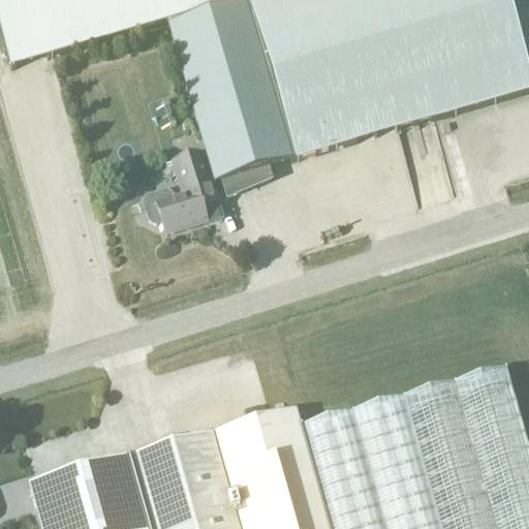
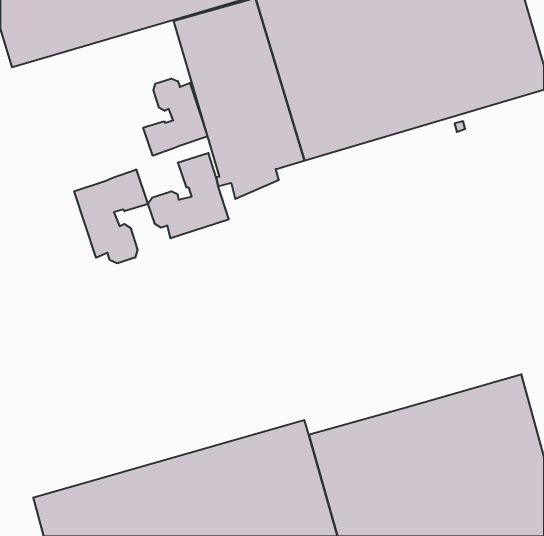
building: none -> [143,78,208,156]
building: none -> [74,169,148,263]

